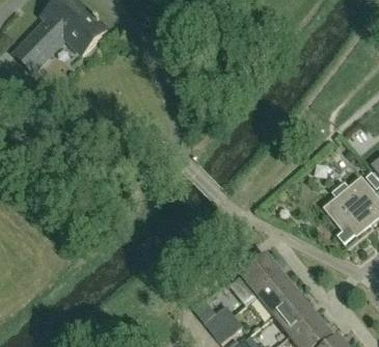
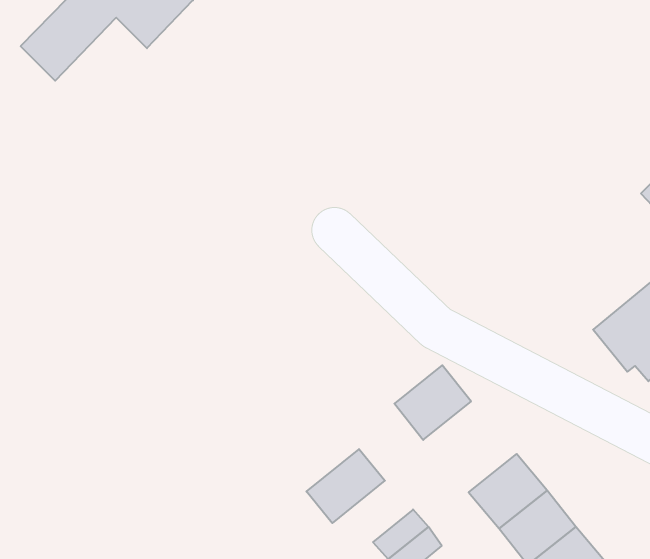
building: [241,255,282,295] -> [394,365,471,440]
building: none -> [306,449,385,523]

